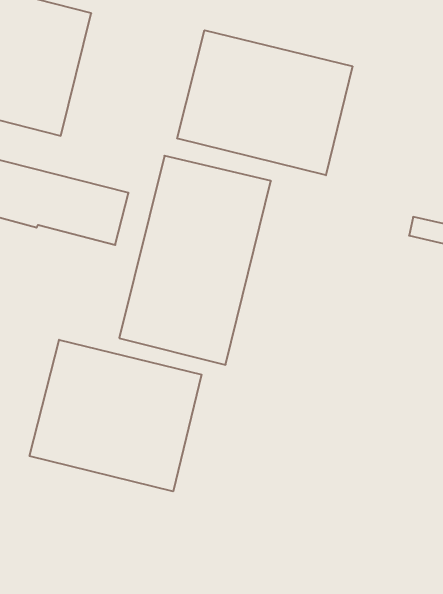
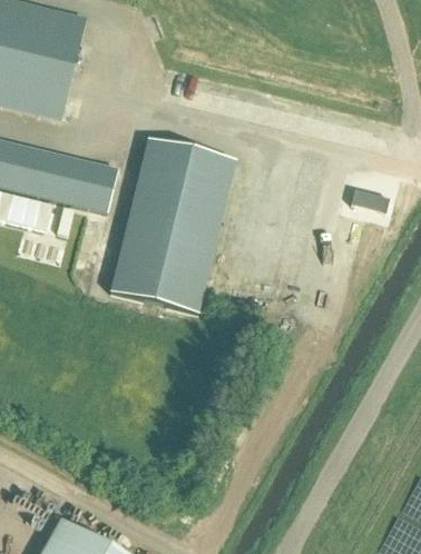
building: [177,30,352,175] -> none
building: [30,340,202,491] -> none

